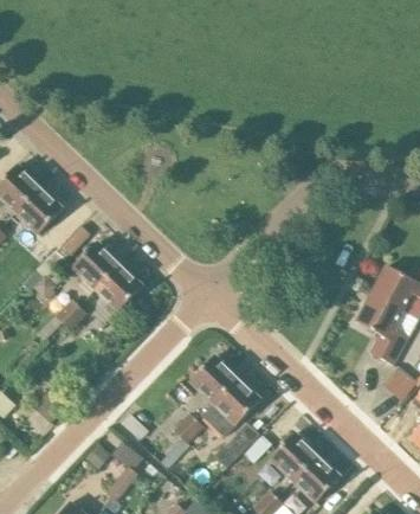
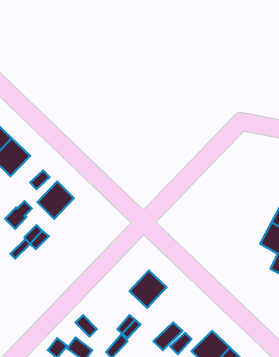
building: [95,263,142,310] -> none
building: [213,377,261,425] -> none

